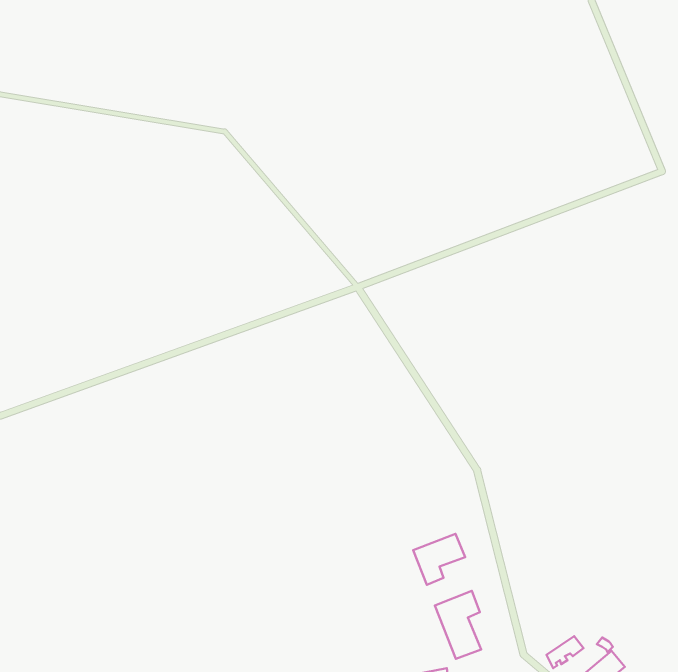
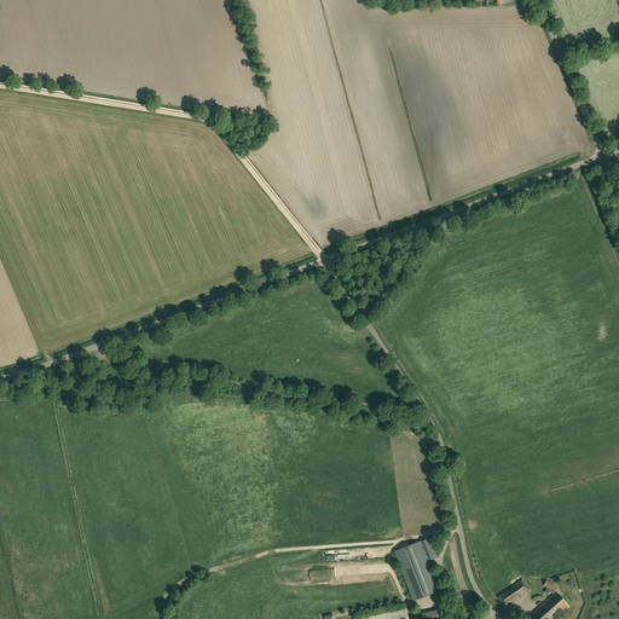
building: [413,534,465,585] -> none

